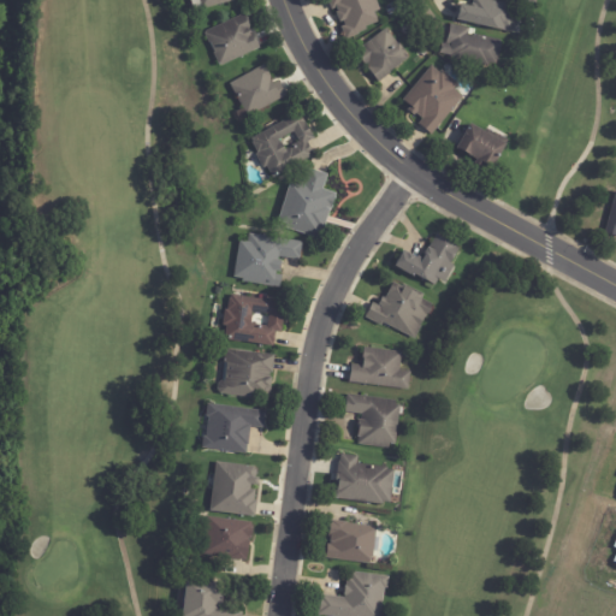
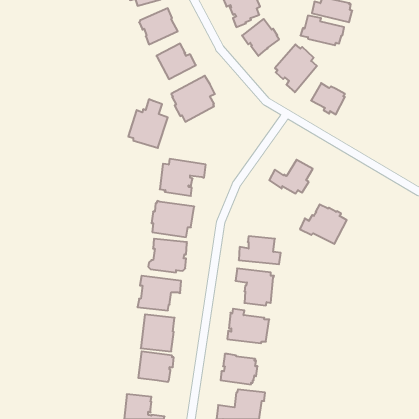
building: [277,166,334,237] -> [128,99,168,148]
building: [363,279,432,337] -> [300,204,347,244]

